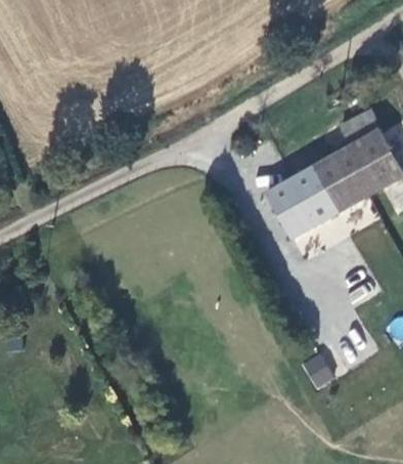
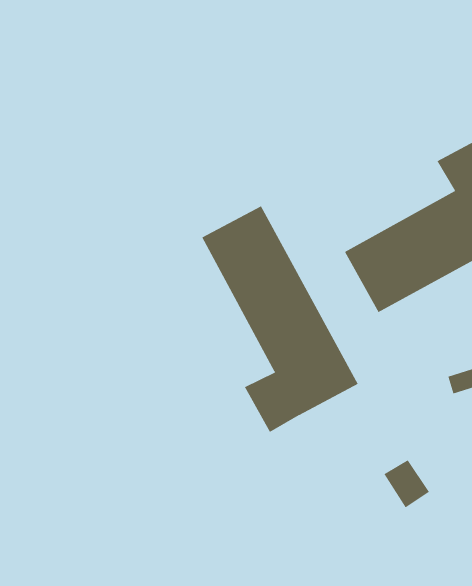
building: none -> [202,205,359,433]

